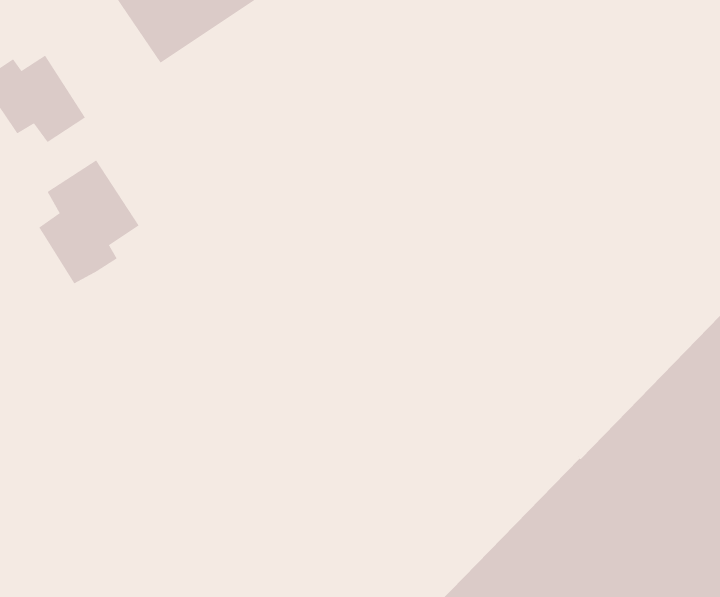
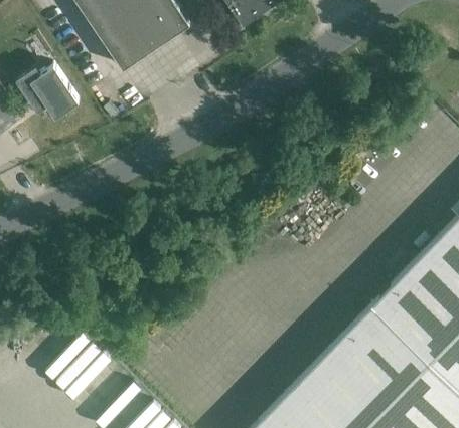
building: [38,160,140,284] -> none

